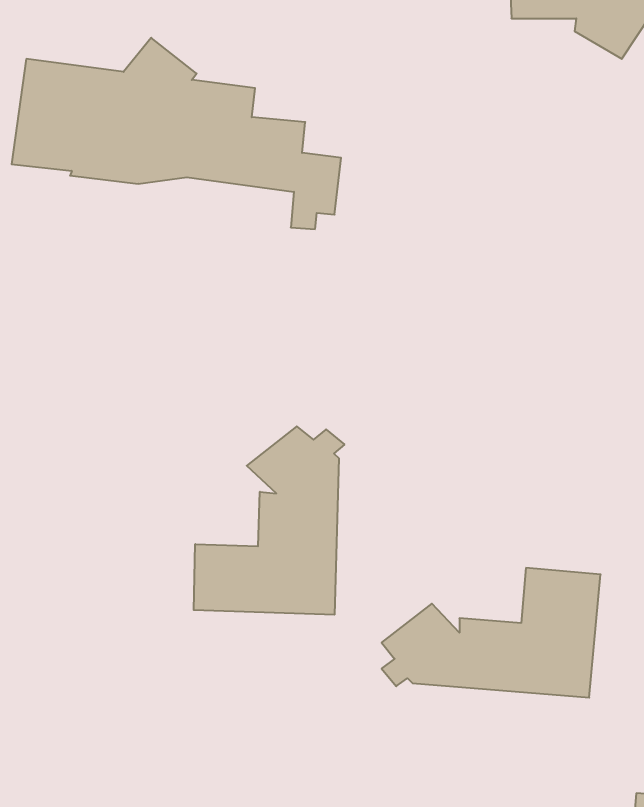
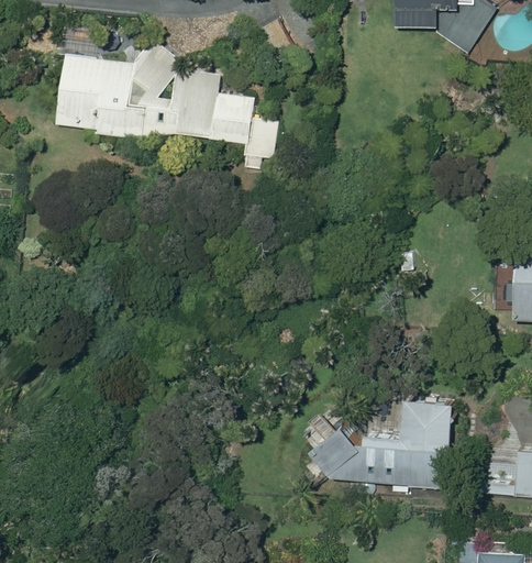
building: [194,426,344,615] -> none

